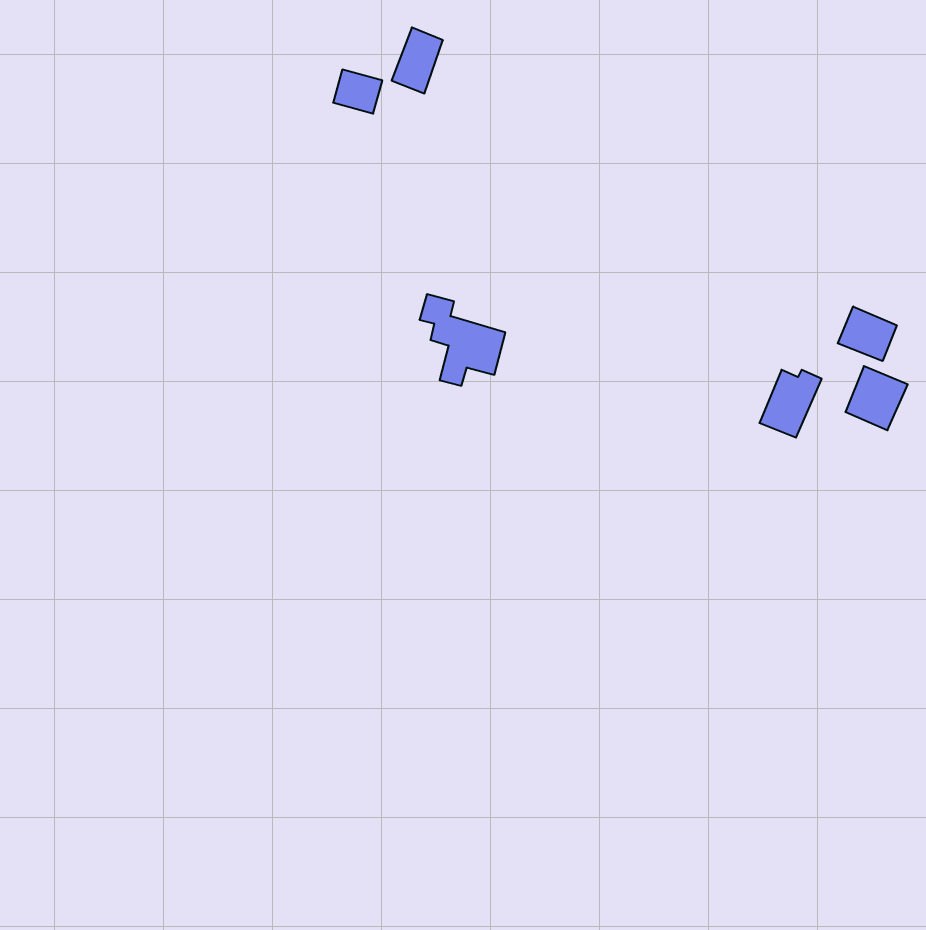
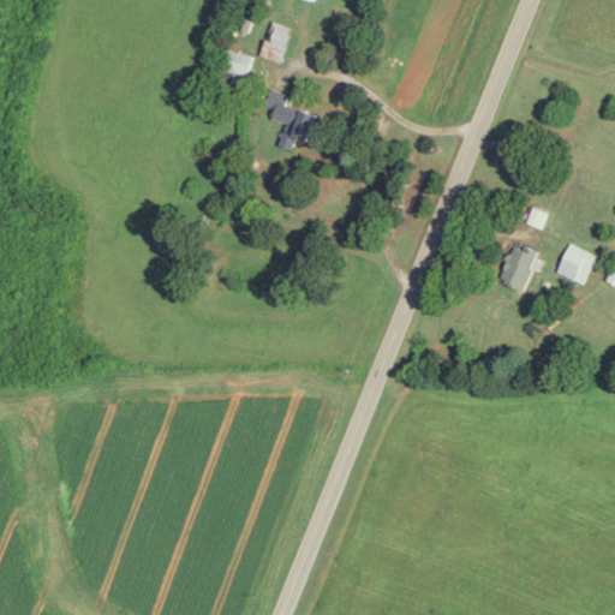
building: [419,294,505,386] -> [262,90,318,150]
building: [838,306,897,361] -> none

